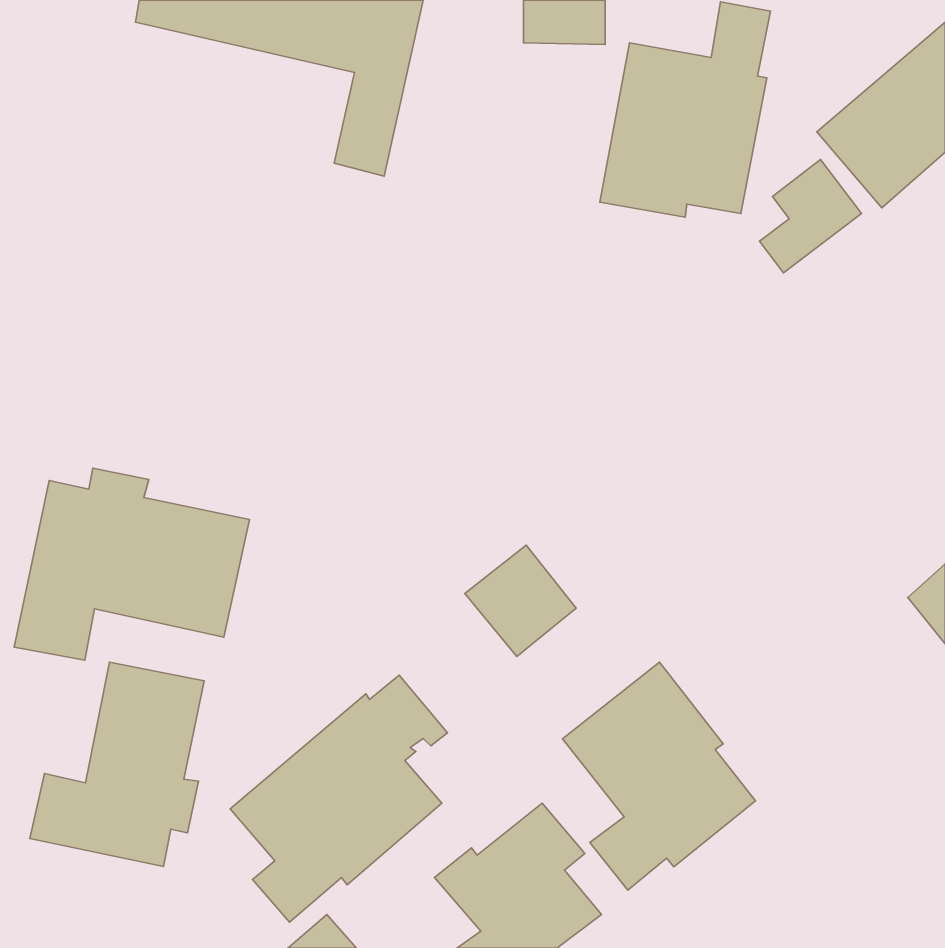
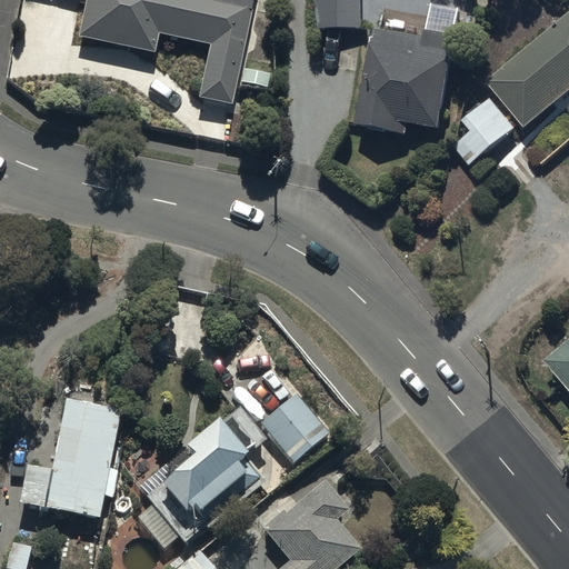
building: [14,468,250,660] -> none
building: [465,545,576,657] -> [259,395,326,461]
building: [563,662,755,890] -> none

